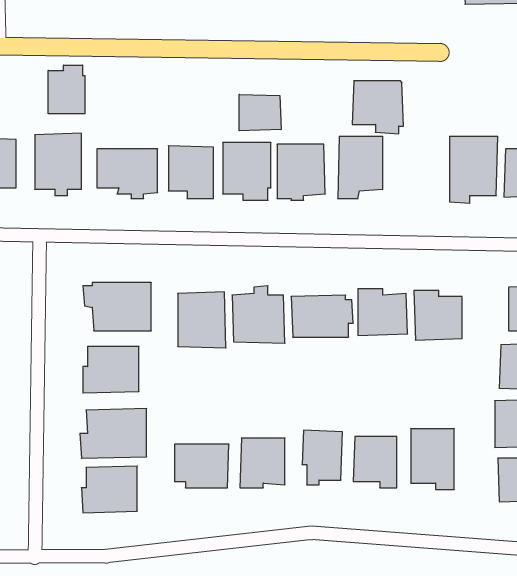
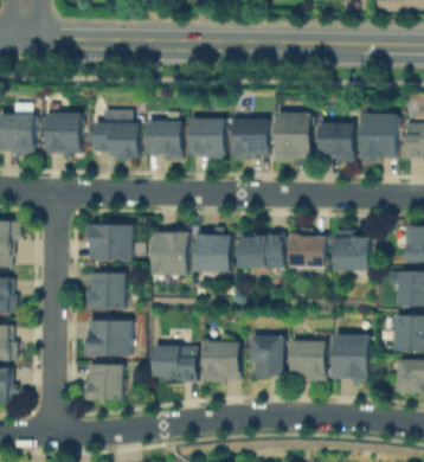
building: [48,65,85,114] -> none
building: [352,81,403,134] -> [317,123,356,163]
building: [239,94,281,131] -> none

